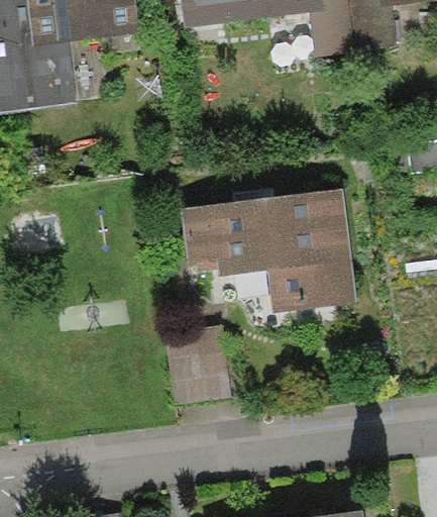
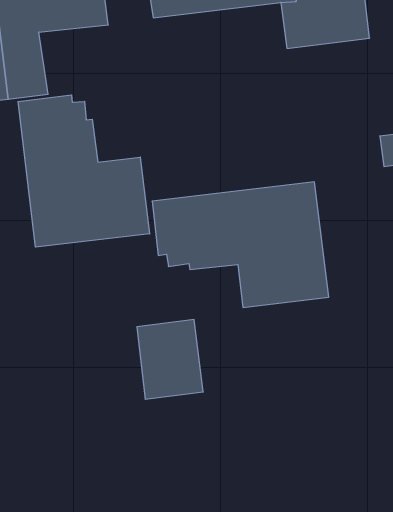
building: none -> [18,95,150,247]

